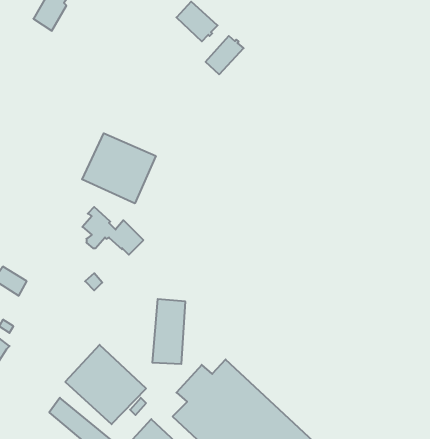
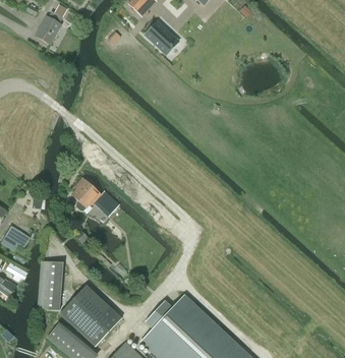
building: [206,36,244,74] -> none
building: [82,133,156,203] -> none
building: [152,299,185,364] -> [37,260,62,310]

